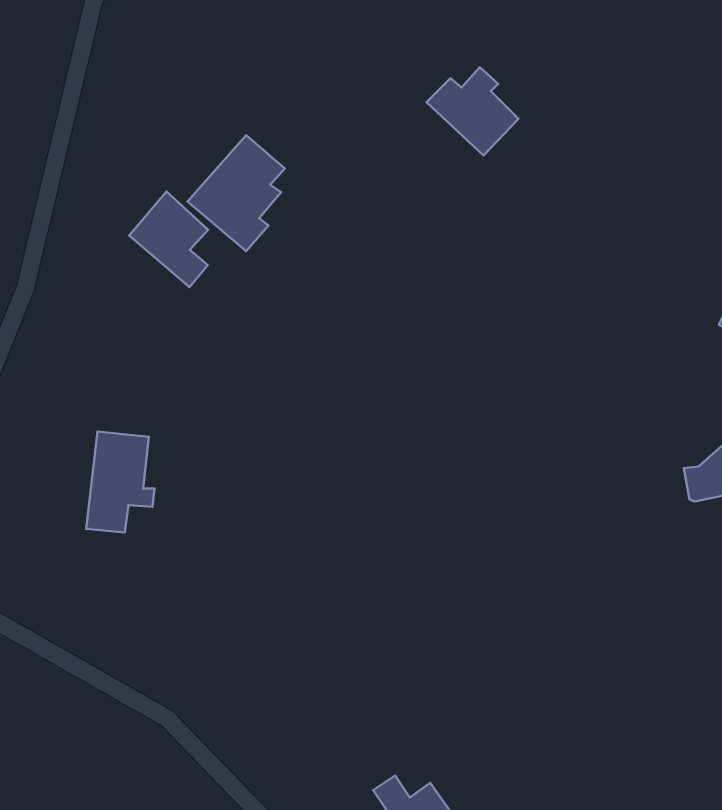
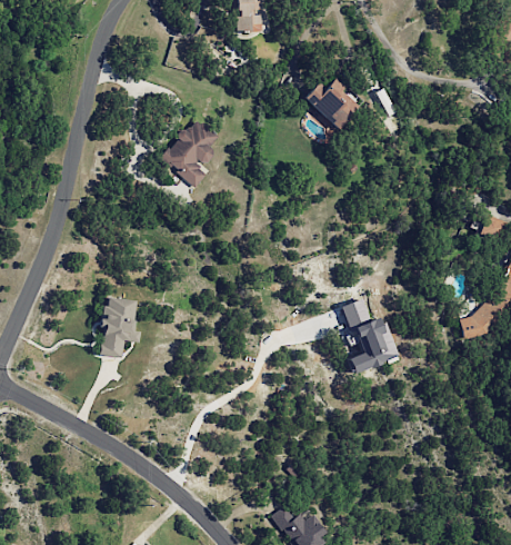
building: [129,192,208,287] -> none
building: none -> [341,298,399,374]

